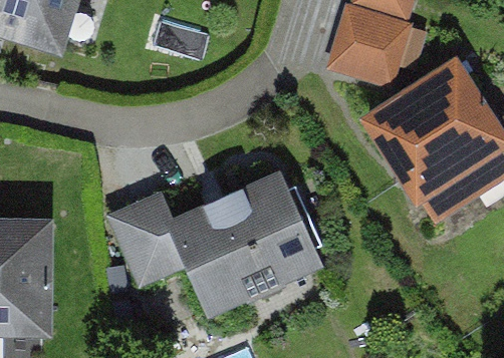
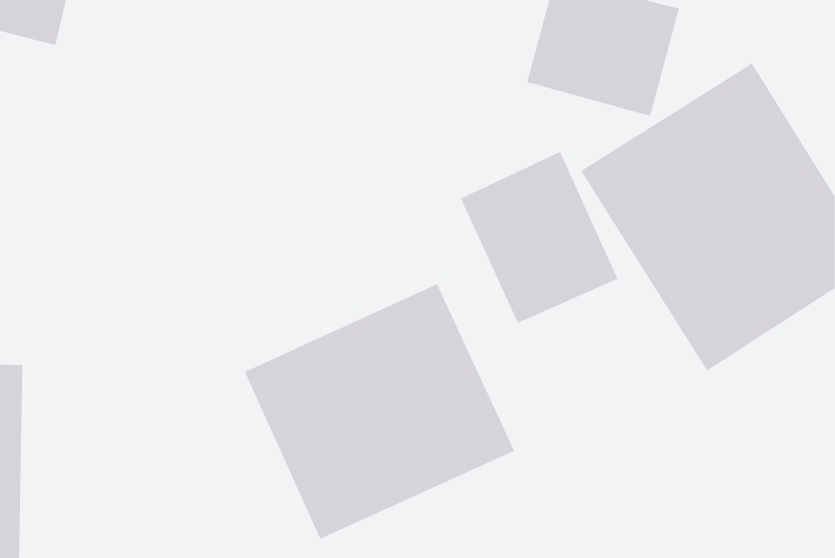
building: none -> [460,151,619,324]
building: [108,195,190,288] -> none

